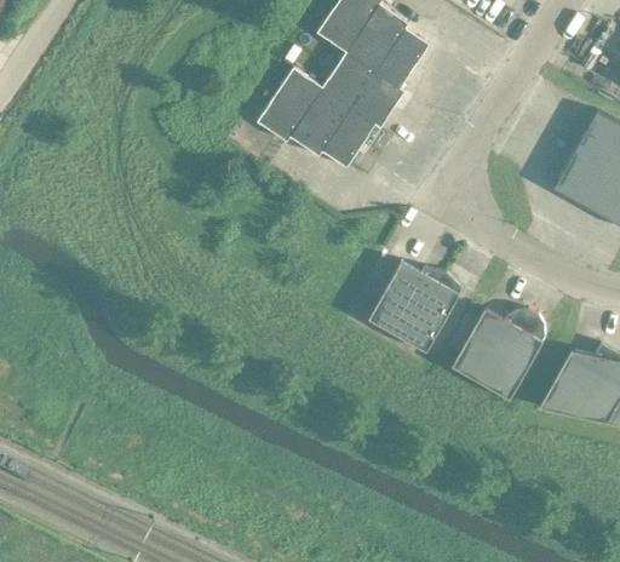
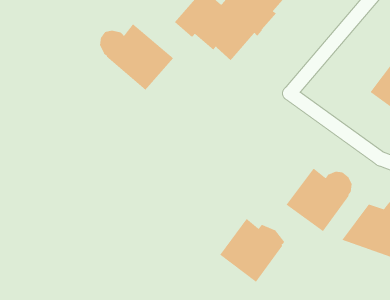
building: none -> [99,23,174,91]
building: [368,260,461,352] -> [219,218,285,283]

